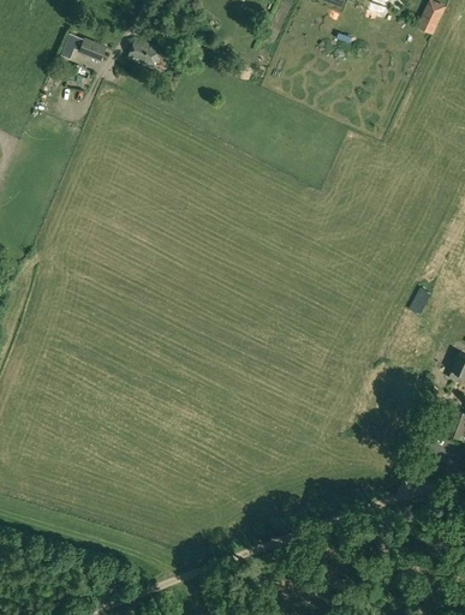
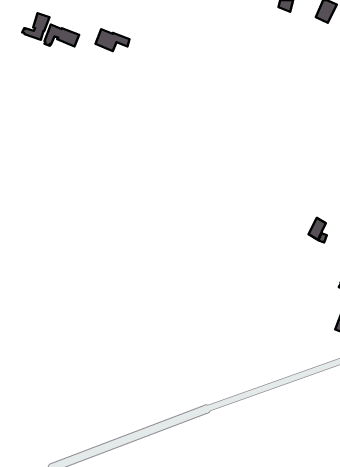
building: none -> [22,13,49,40]

